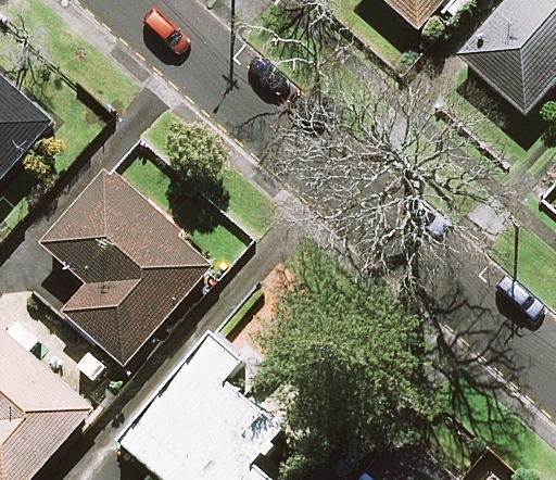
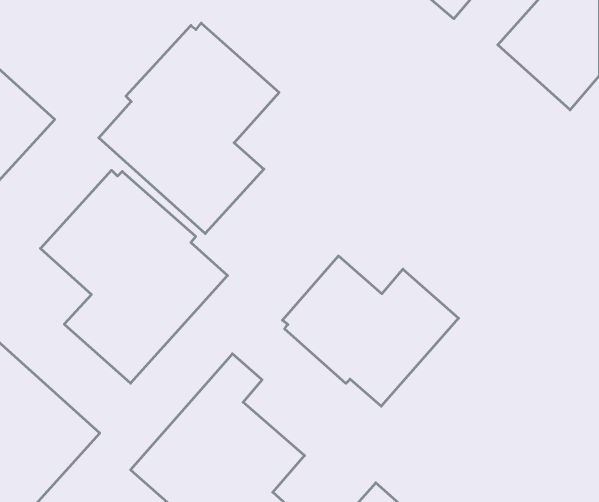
building: none -> [99,23,279,234]
building: none -> [282,256,459,406]

